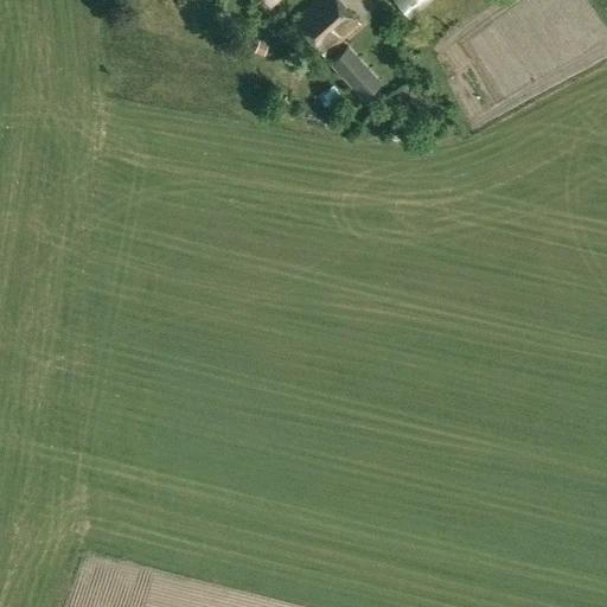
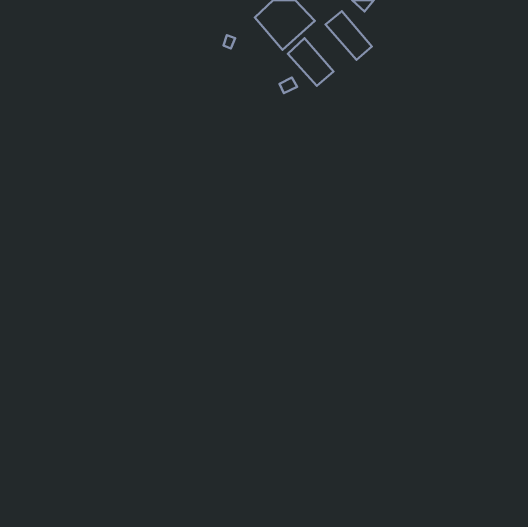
building: none -> [325,11,372,60]

